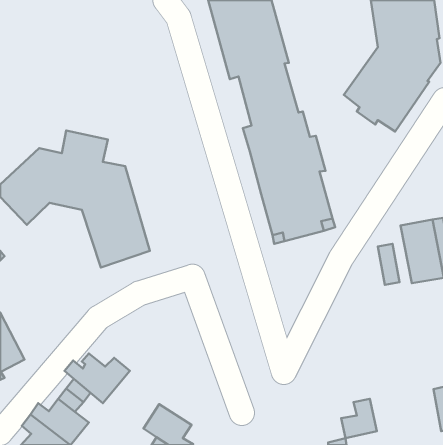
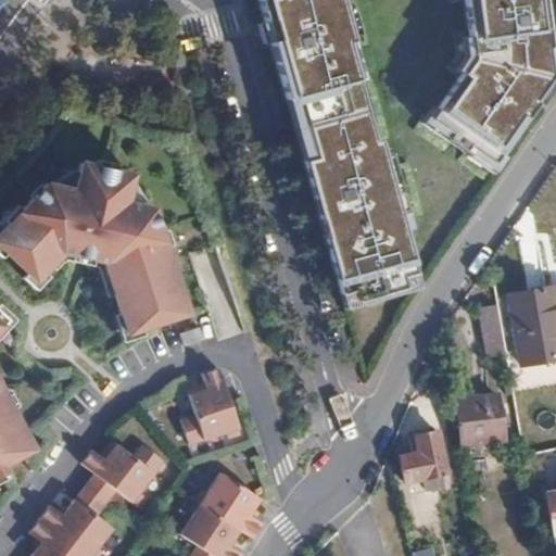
building: none -> [182,368,241,445]
building: none -> [462,390,509,443]
building: none -> [201,472,264,538]
building: [341,399,377,438] -> [403,433,447,482]

